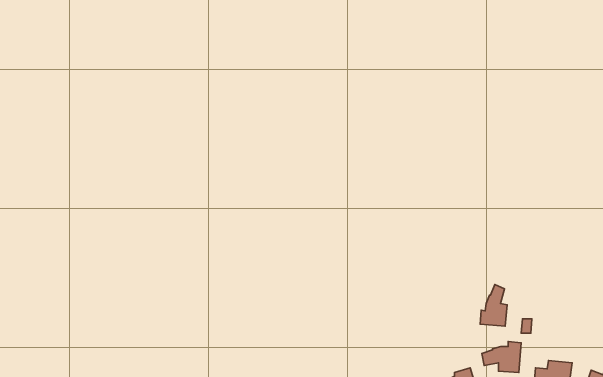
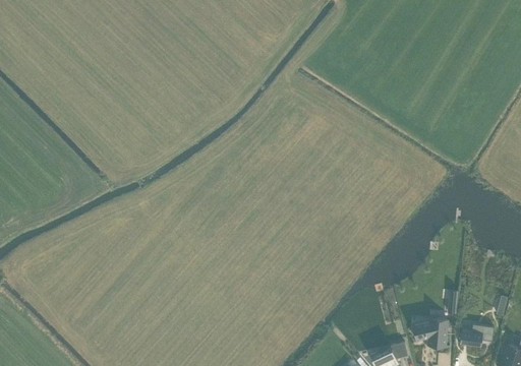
building: [480,285,507,326] -> none

